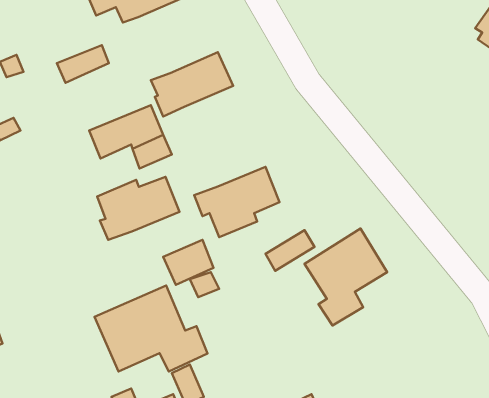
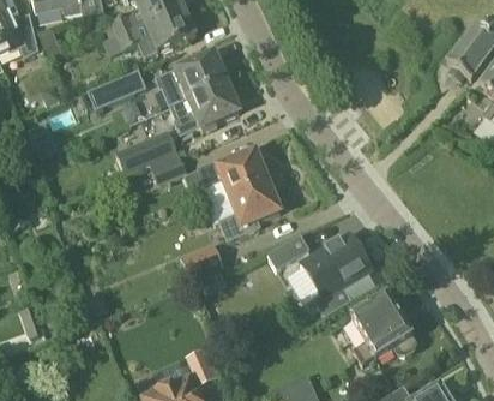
building: none -> [155,53,227,107]
building: [97,177,180,240] -> [197,150,267,204]
building: [94,286,207,372] -> none
building: none -> [350,295,415,364]

